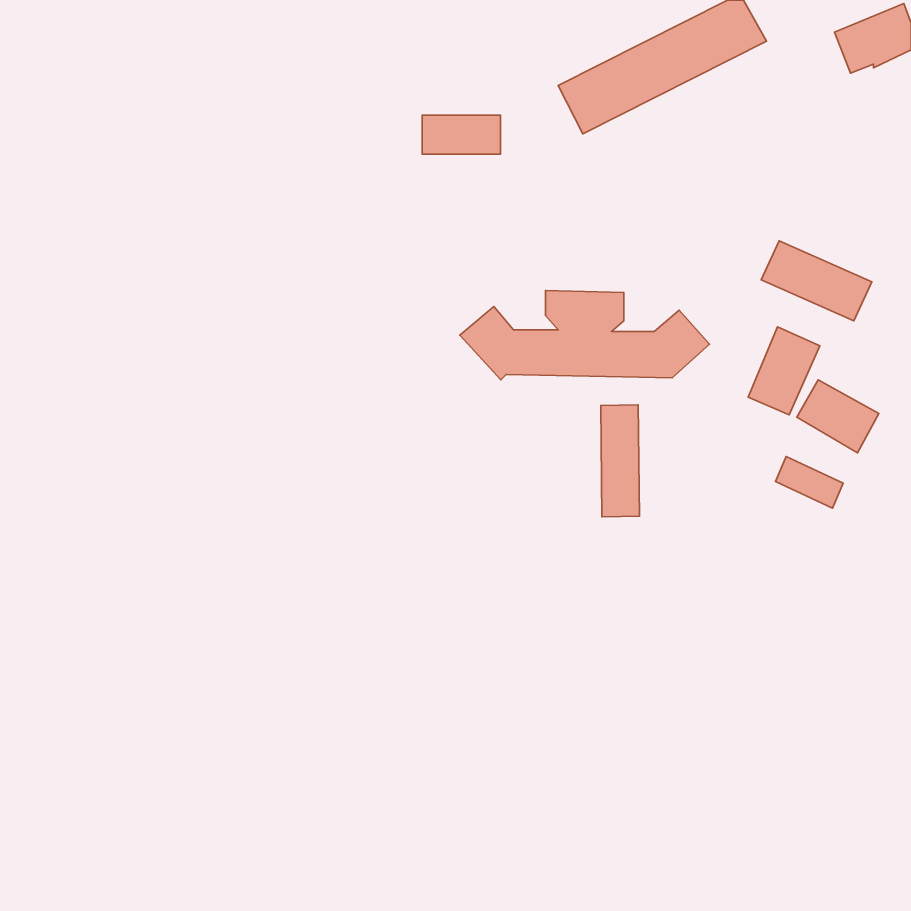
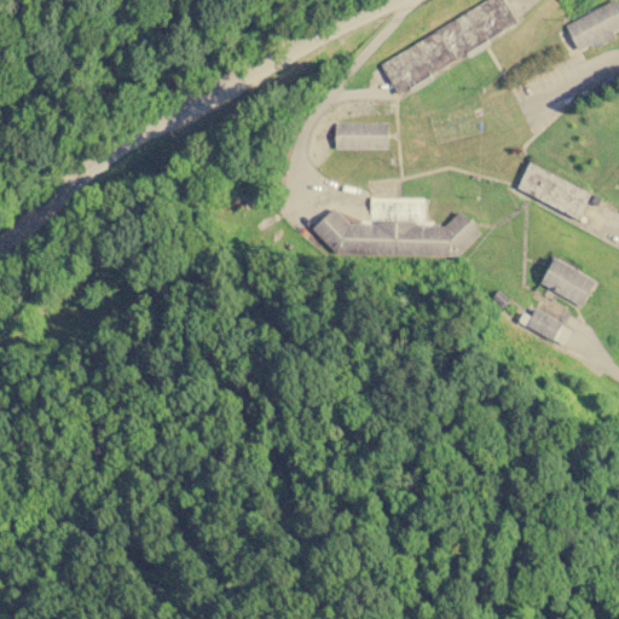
building: [422,115,500,154] -> [335,122,388,149]
building: [748,327,820,415] -> none
building: [601,405,639,517] -> none

